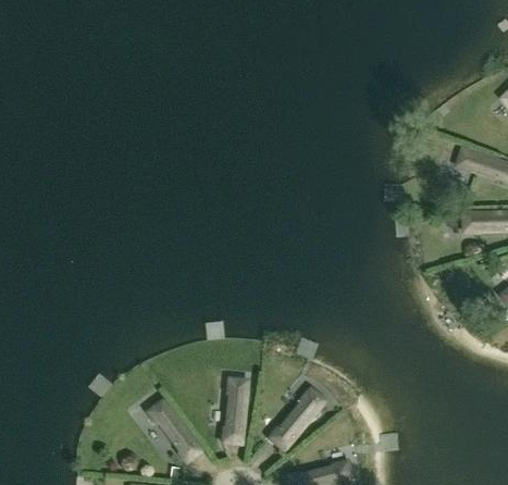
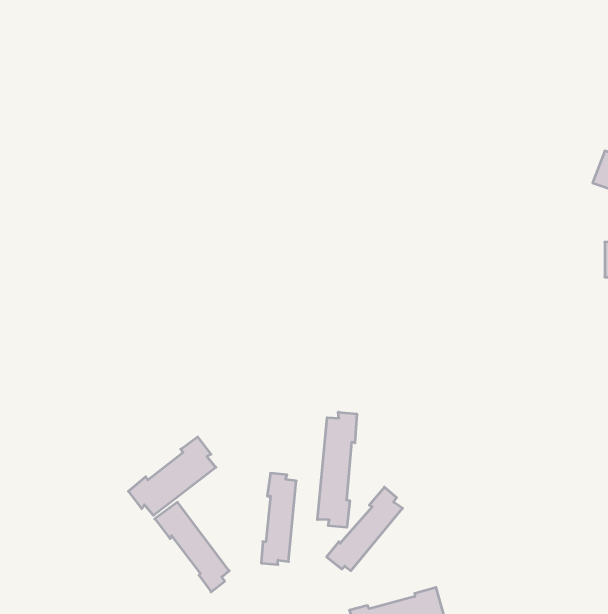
building: none -> [317,412,357,527]
building: none -> [128,437,216,515]

